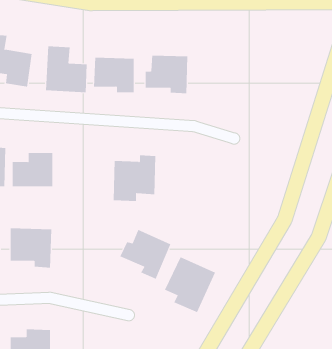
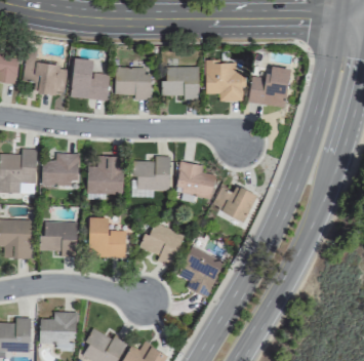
building: none -> [206,62,243,102]
building: none -> [248,67,290,108]
building: none -> [87,156,124,195]
building: none -> [175,161,216,199]
building: none -> [212,186,257,222]
building: none -> [89,217,126,258]

